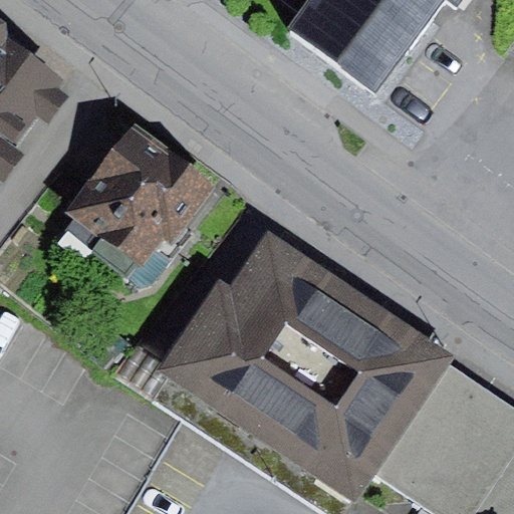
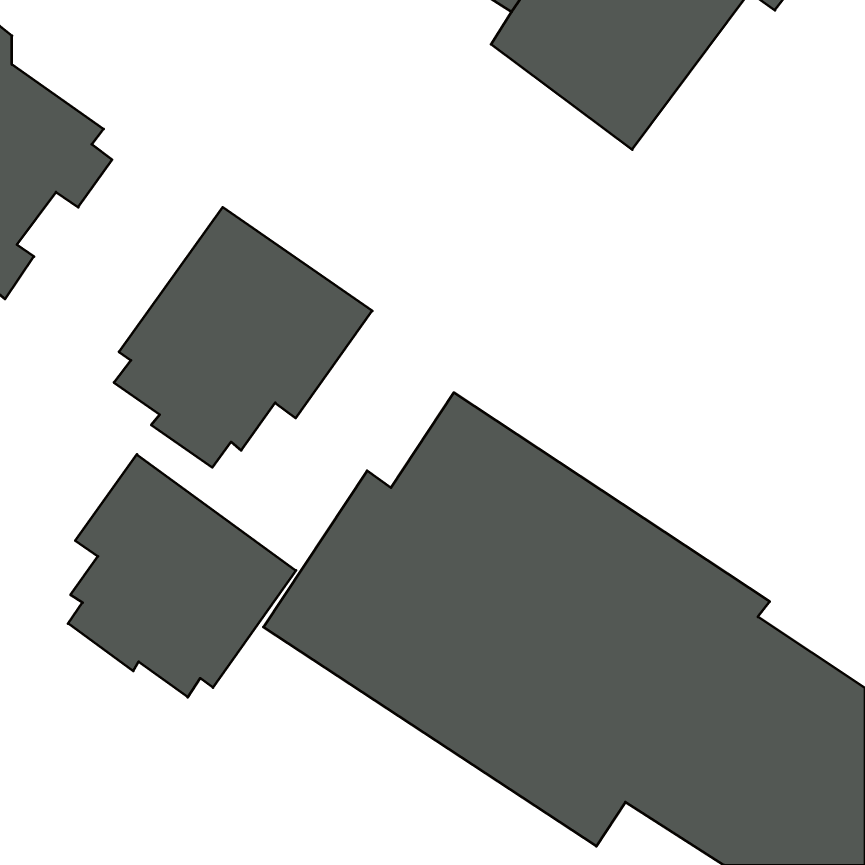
building: none -> [68,454,296,697]

